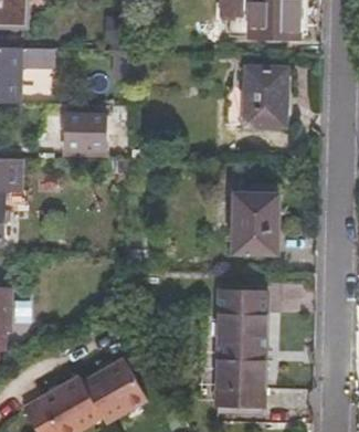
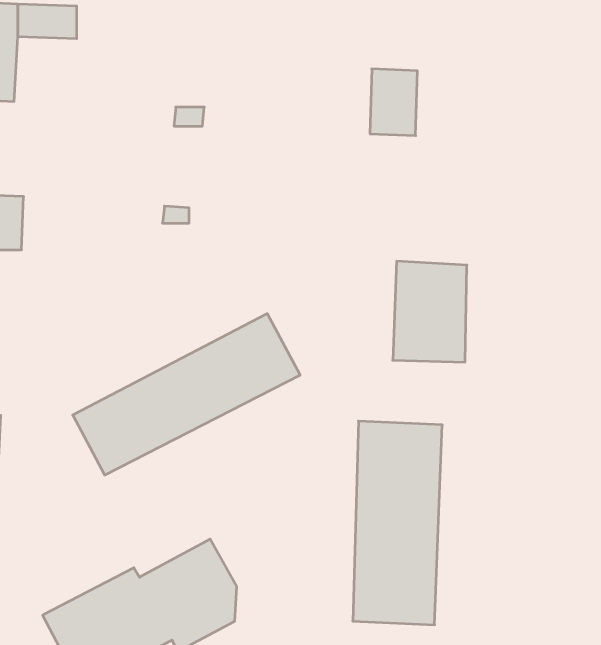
building: [250,71,289,128] -> none
building: [41,104,107,147] -> none
building: none -> [73,314,300,475]

